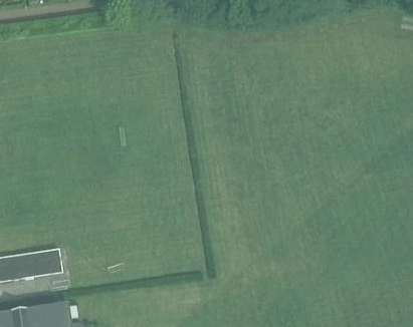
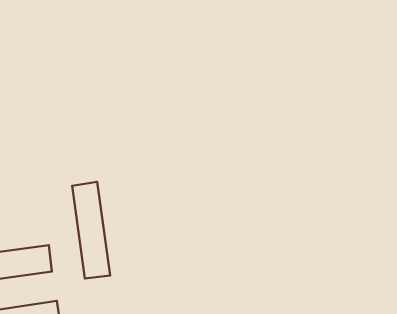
building: none -> [72,182,110,279]

